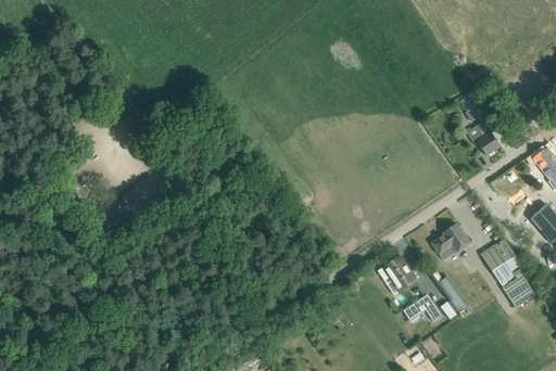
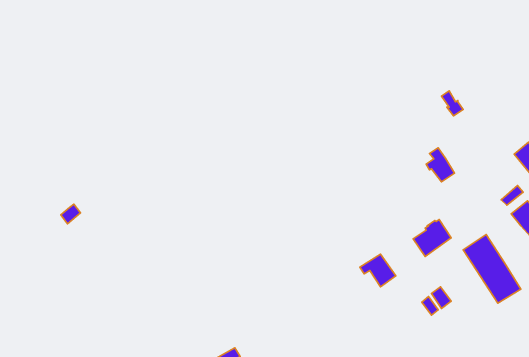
building: [471,121,500,155] -> [426,148,454,182]
building: [403,293,442,321] -> none

